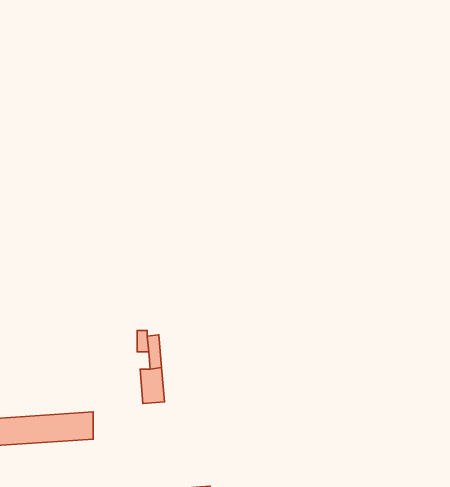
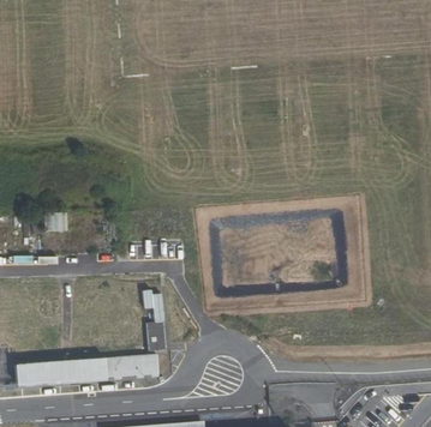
building: none -> [106,355,158,379]

